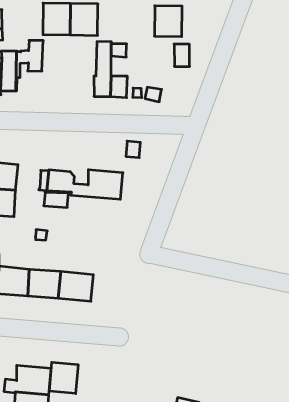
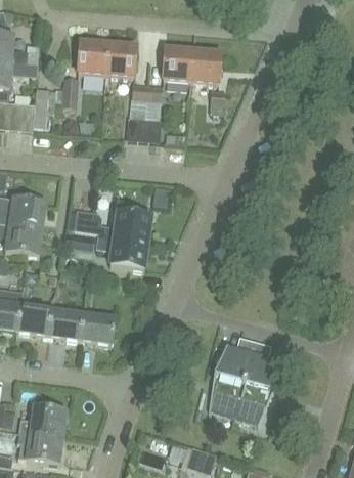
building: none -> [163,47,192,80]
building: none -> [95,235,146,268]
building: none -> [209,342,277,424]
building: [49,362,78,394] -> none

